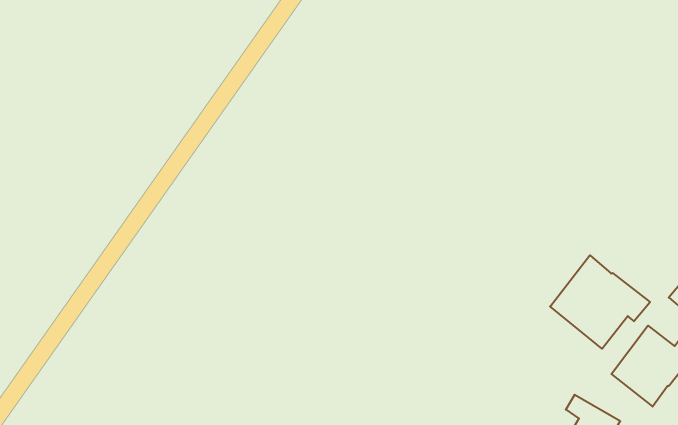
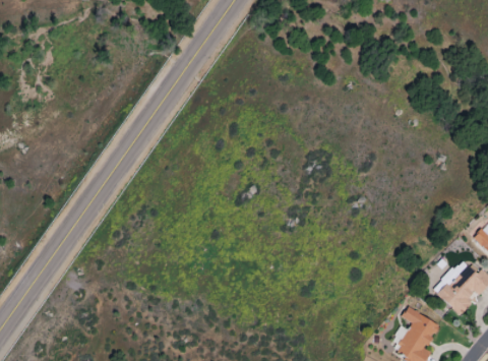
building: [550,255,650,349] -> none

